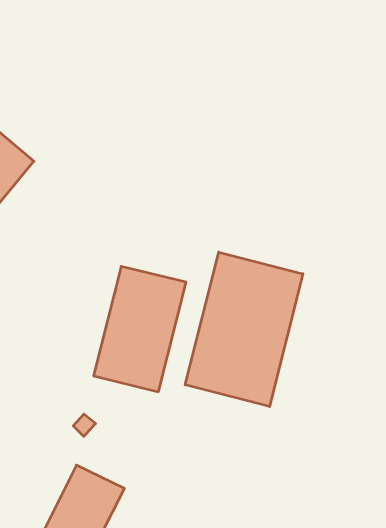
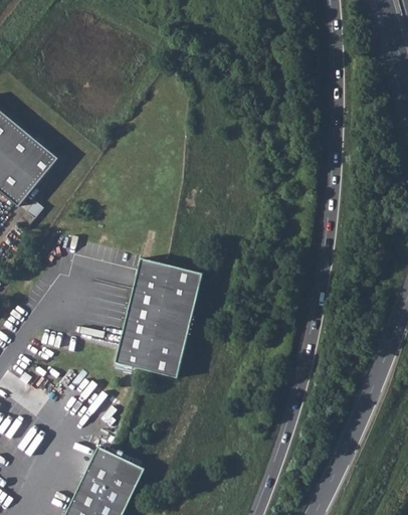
building: [185,252,303,407] -> none

